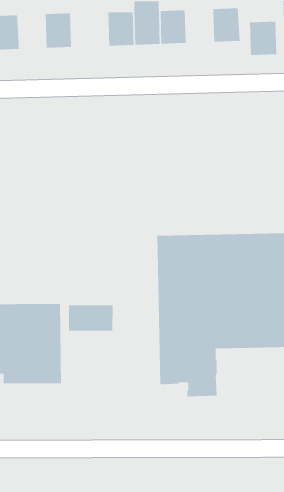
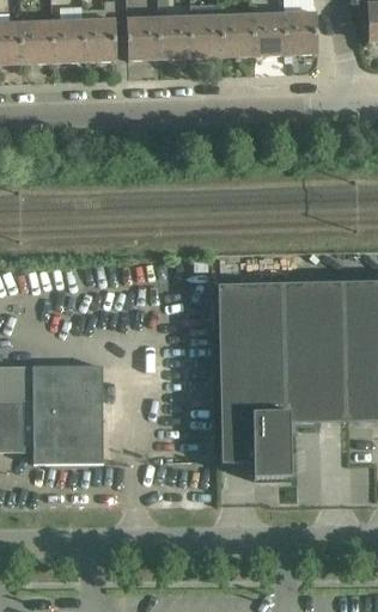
building: none -> [127,17,160,60]
building: none -> [51,19,85,62]
building: [249,21,277,56] -> [252,13,286,55]
building: [68,304,113,331] -> none

